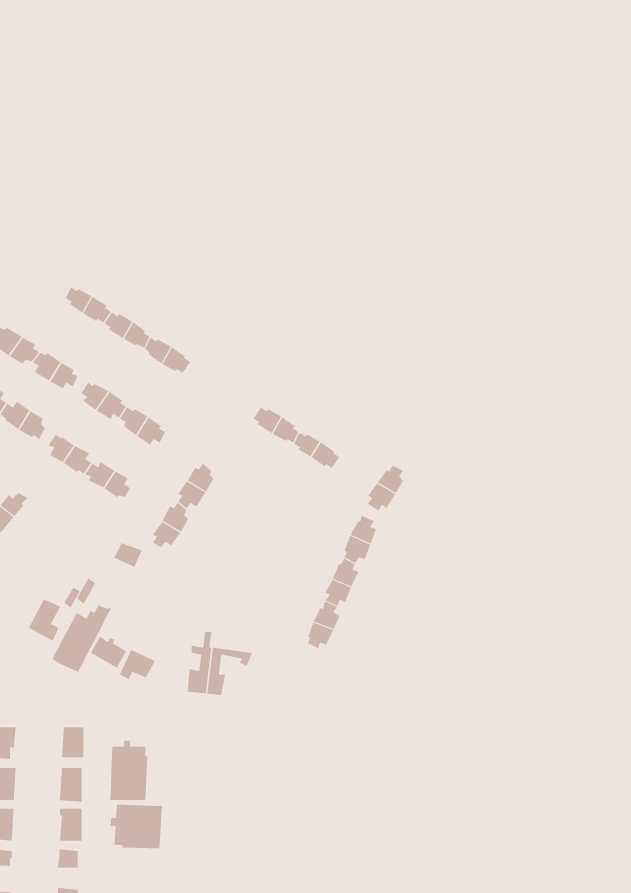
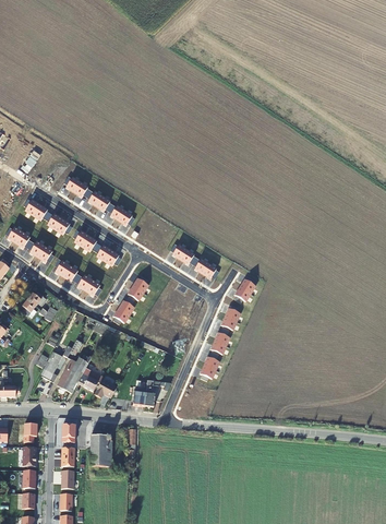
building: [110,804,162,849] -> none

